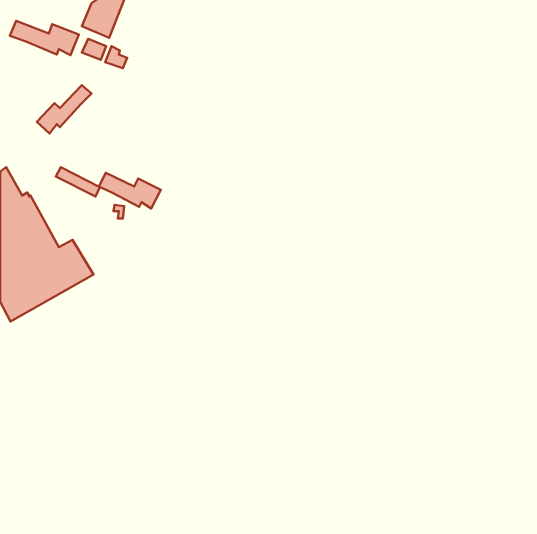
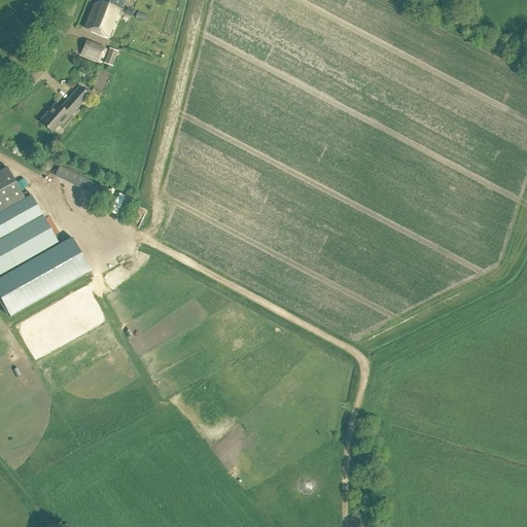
building: [10,21,79,55] -> none
building: [99,173,161,209] -> none

